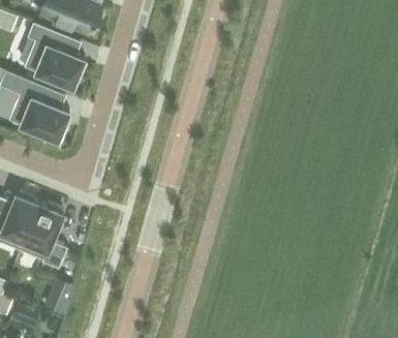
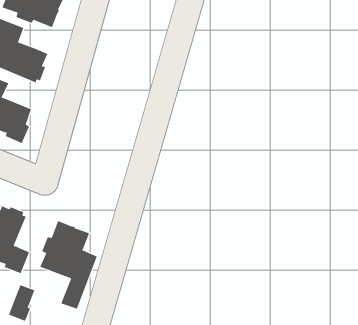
building: none -> [39,220,97,309]

